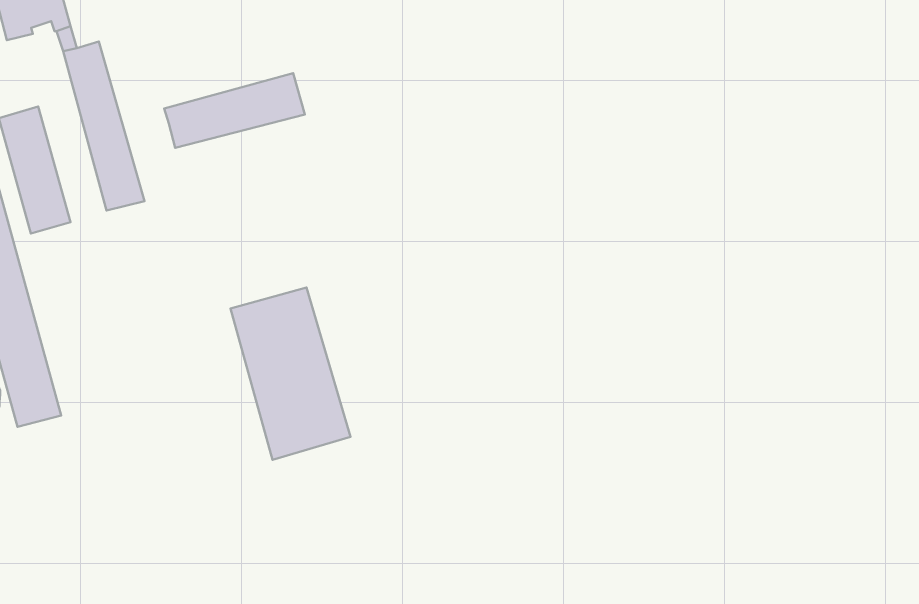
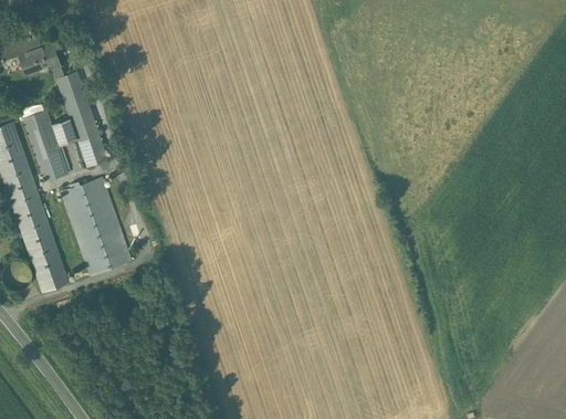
building: [164,73,305,148] -> none
building: [231,287,350,460] -> [61,177,133,275]

